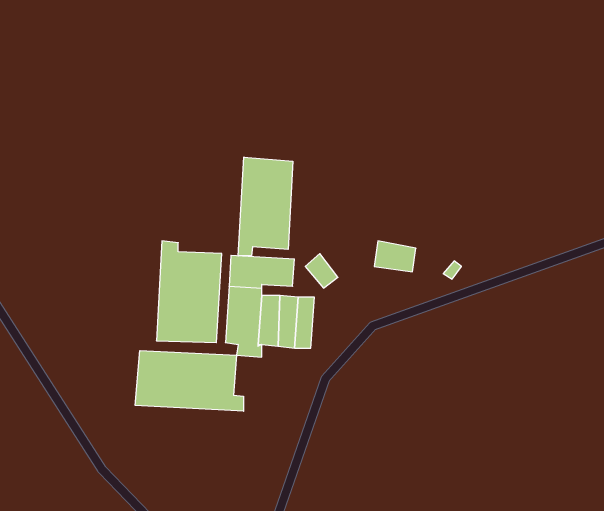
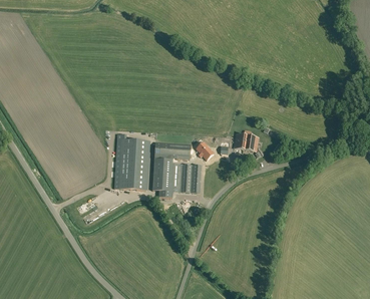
building: [238,157,293,256] -> none
building: [135,351,244,411] -> none

